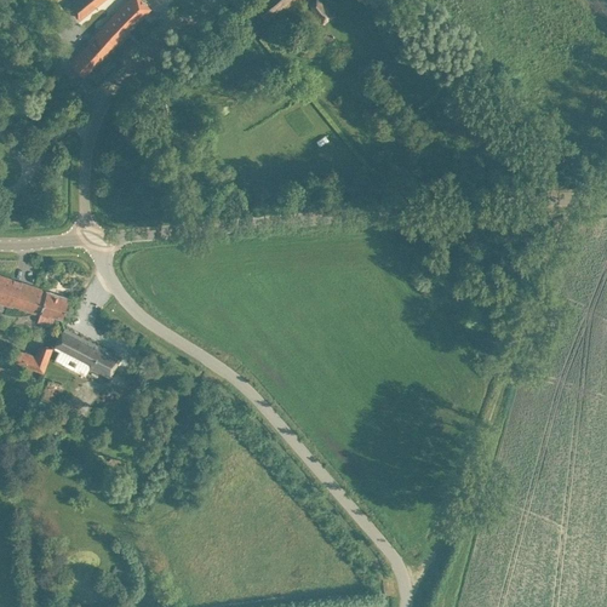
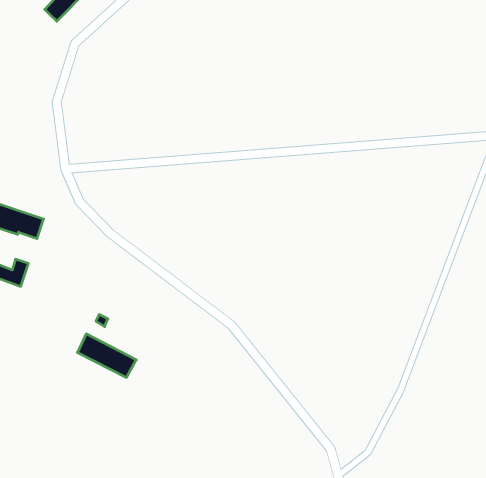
building: [55,330,120,378] -> [77,334,136,377]

